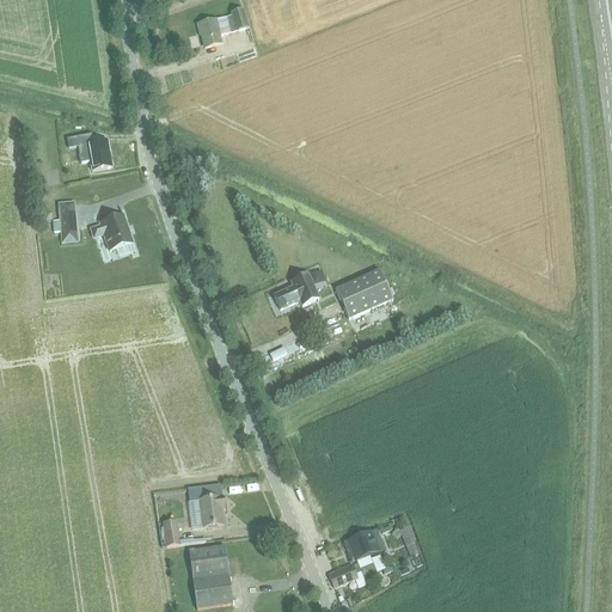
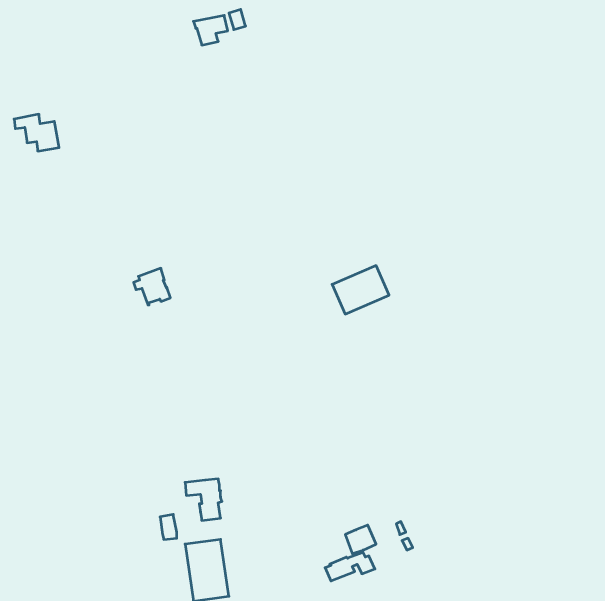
building: [66,131,111,169] -> [14,114,59,151]
building: [53,201,75,233] -> none
building: [94,212,131,249] -> [134,268,170,305]
building: [274,271,314,307] -> none

